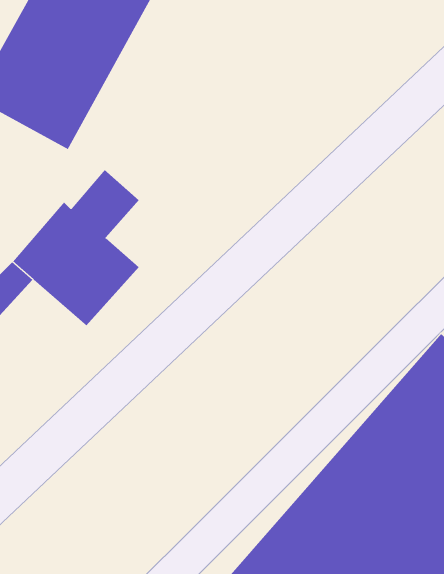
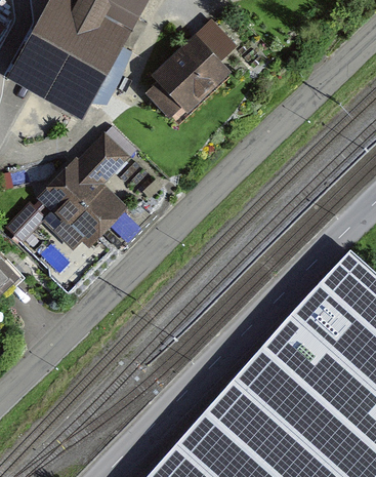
building: none -> [141,16,239,116]

